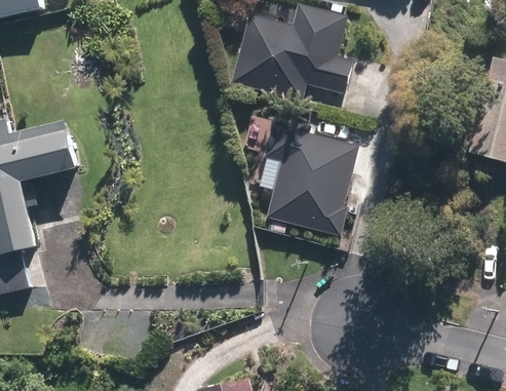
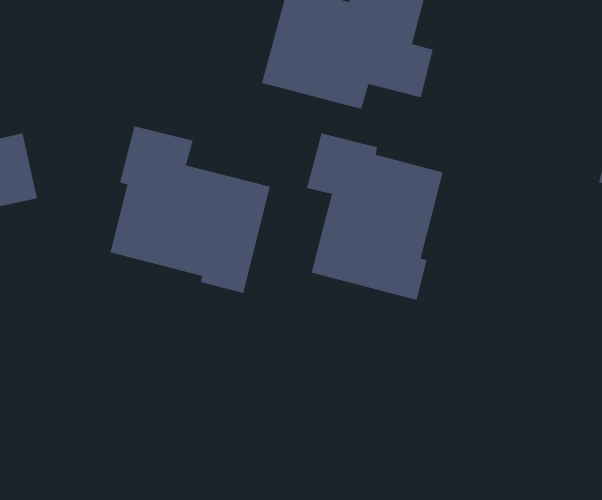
building: none -> [110,125,271,294]

